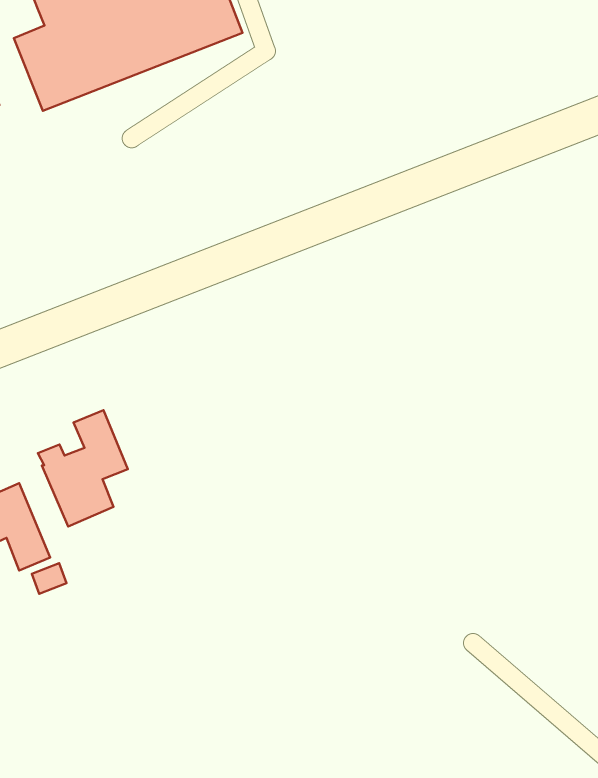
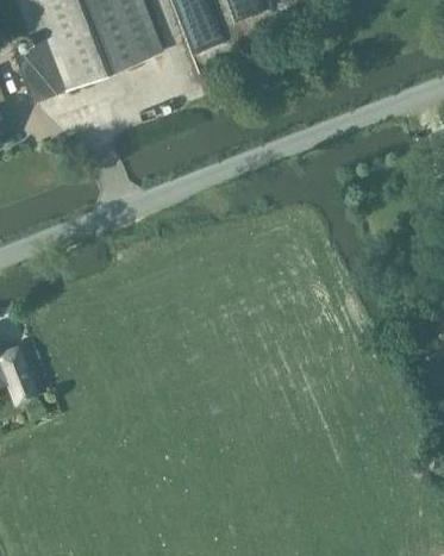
building: [38,410,128,526] -> none

